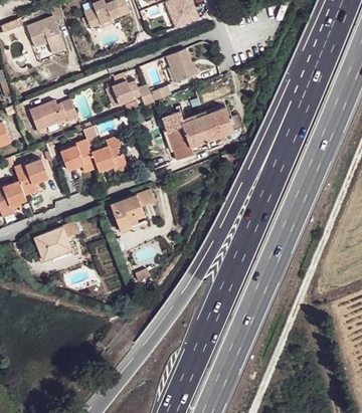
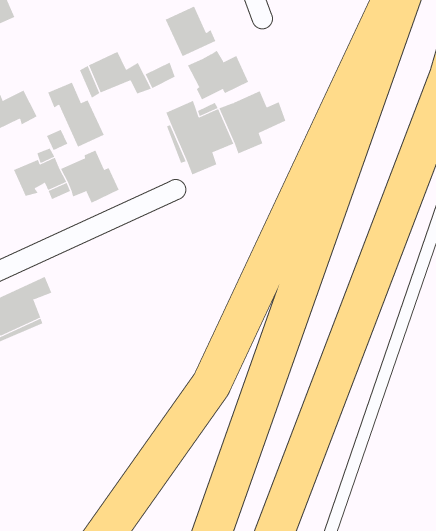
building: none -> [187,50,249,100]
building: none -> [47,82,104,148]
building: [111,188,156,230] -> none

